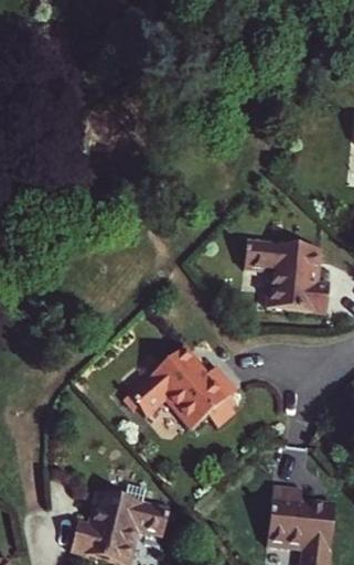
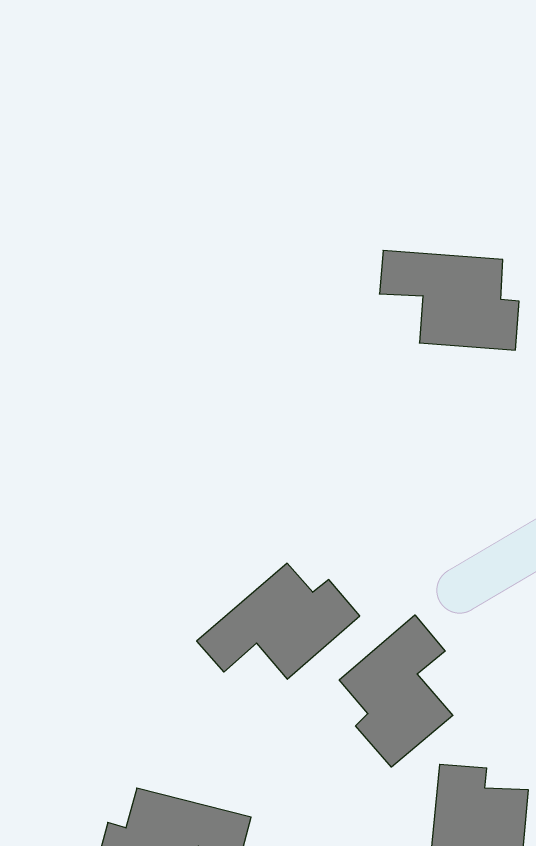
building: [235,245,320,306] -> [379,250,519,350]
building: none -> [339,615,453,767]

